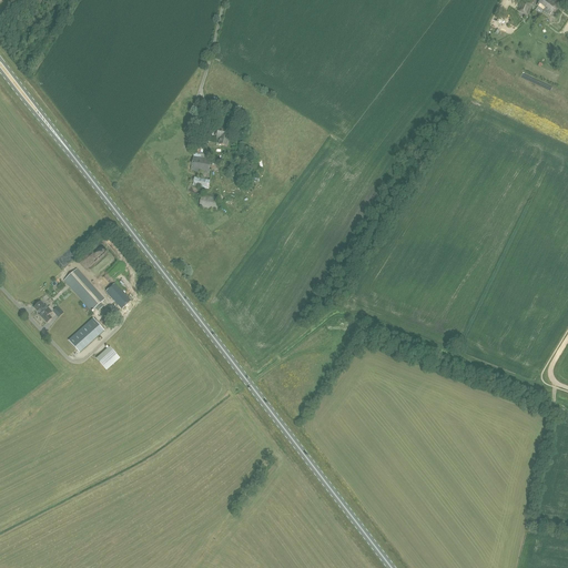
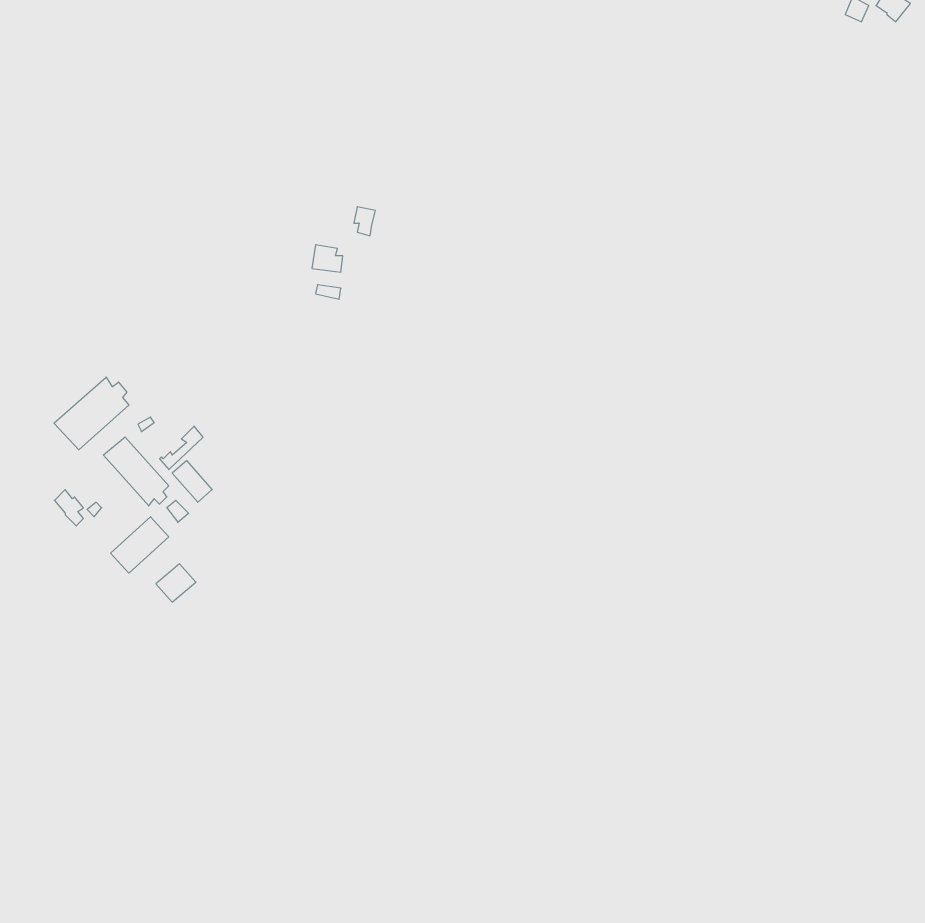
building: none -> [54,377,129,450]

